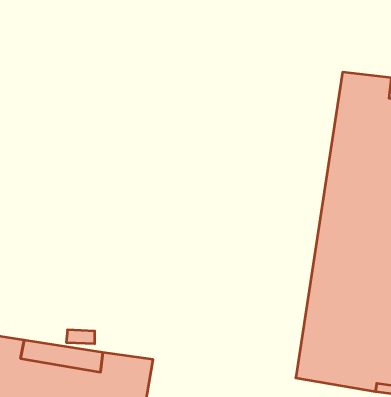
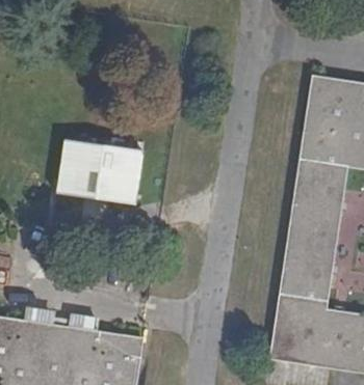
building: none -> [50,139,138,203]

